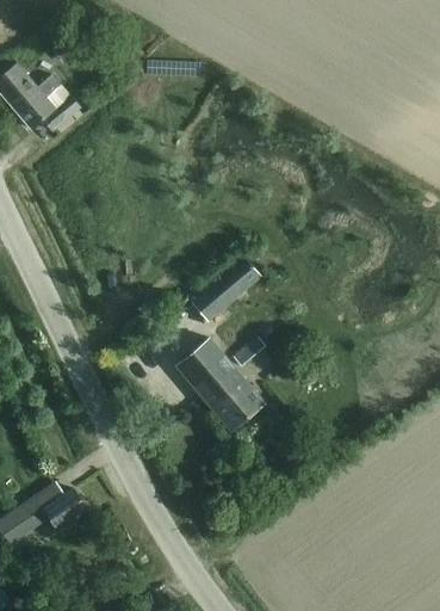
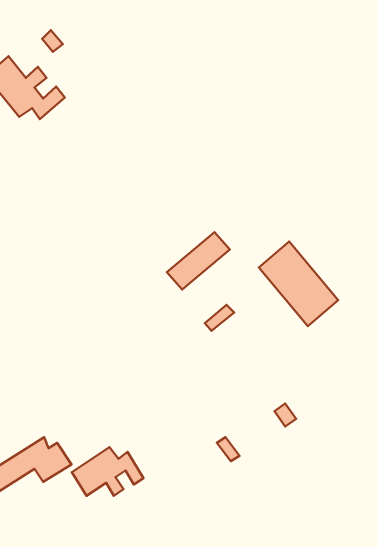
building: [176,337,264,430] -> [259,242,338,326]
building: none -> [72,447,144,496]

